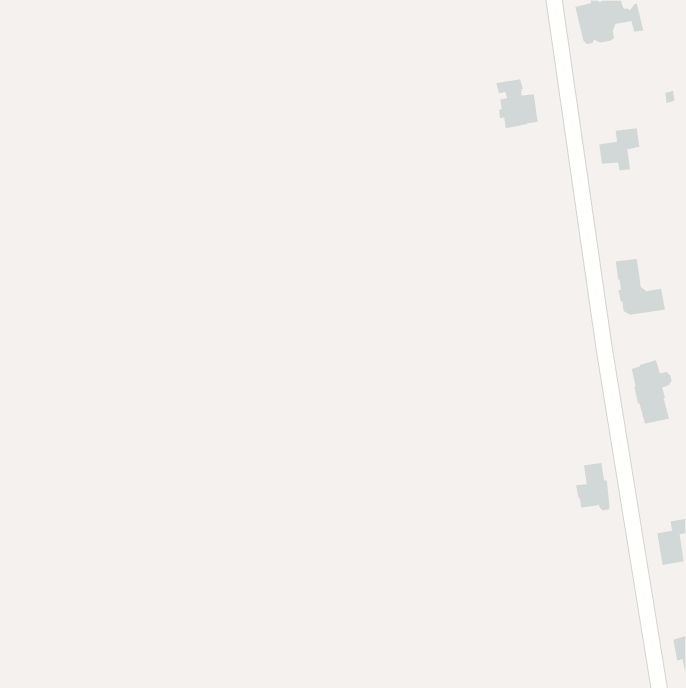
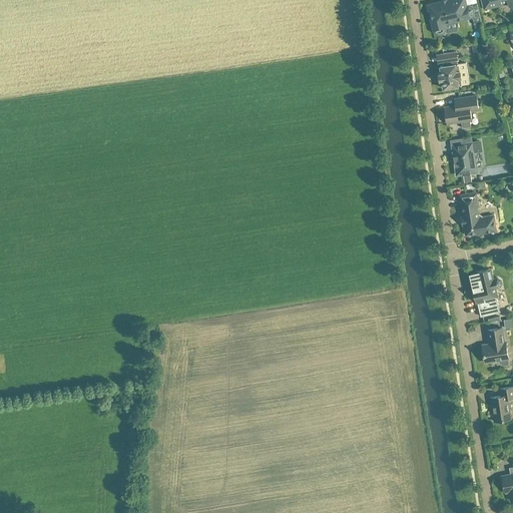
building: [495,79,538,129] -> [436,51,468,88]
building: none -> [451,141,482,174]
building: [575,462,610,511] -> [481,328,507,364]

